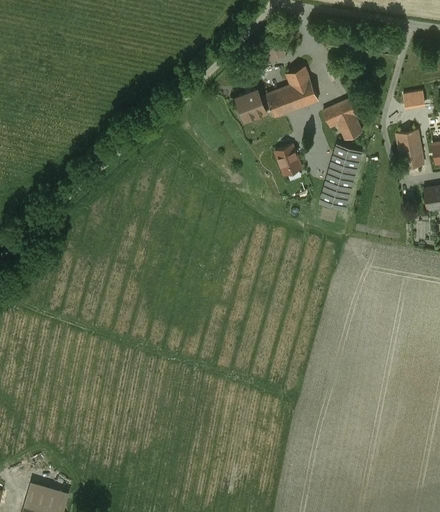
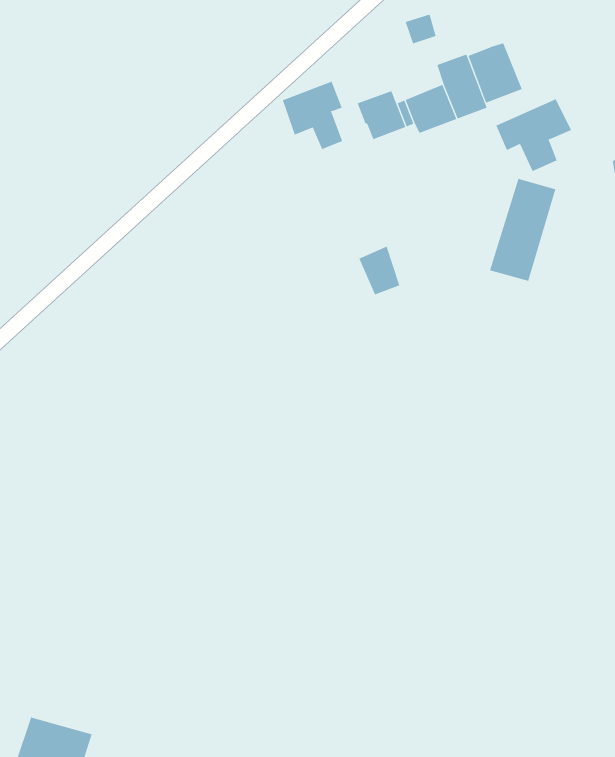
building: none -> [468,43,523,104]
building: none -> [282,81,343,150]
building: [275,144,301,175] -> [359,246,400,295]

